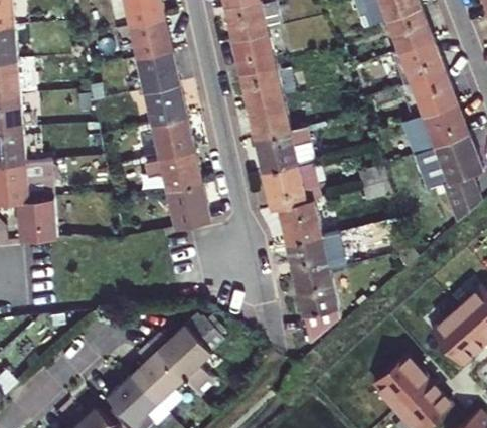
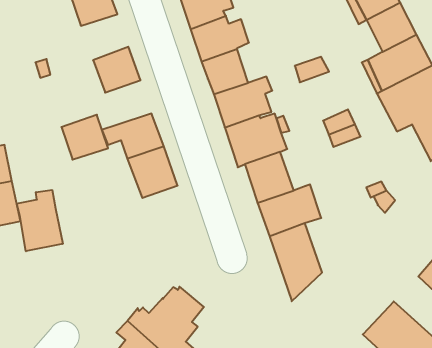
building: [135,50,178,91] -> none
building: [151,116,193,156] -> [61,115,108,160]
building: none -> [17,190,63,251]

